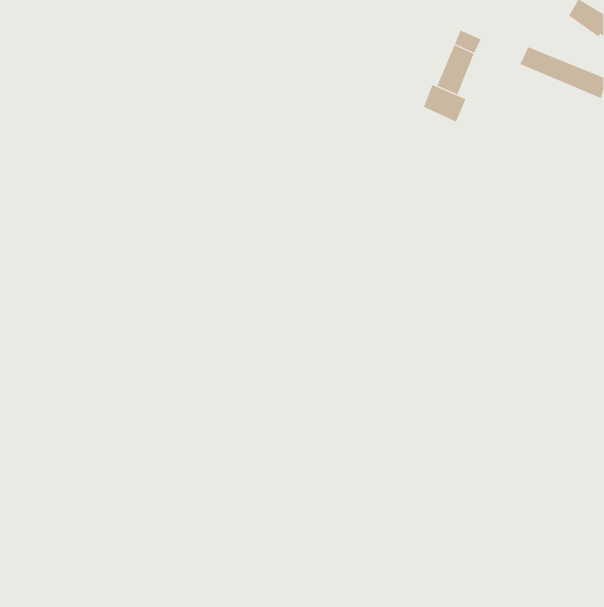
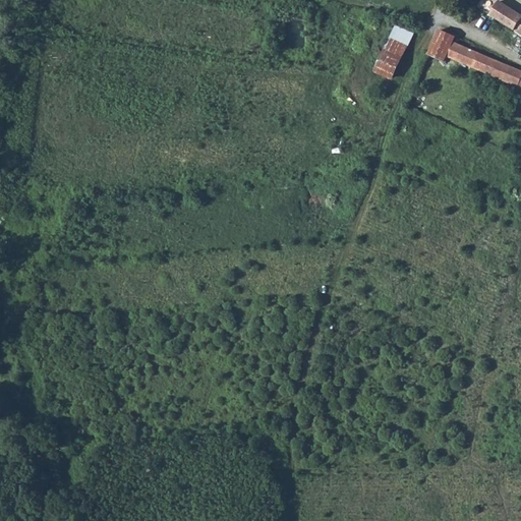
building: none -> [427,27,454,58]
building: [423,84,466,123] -> none

